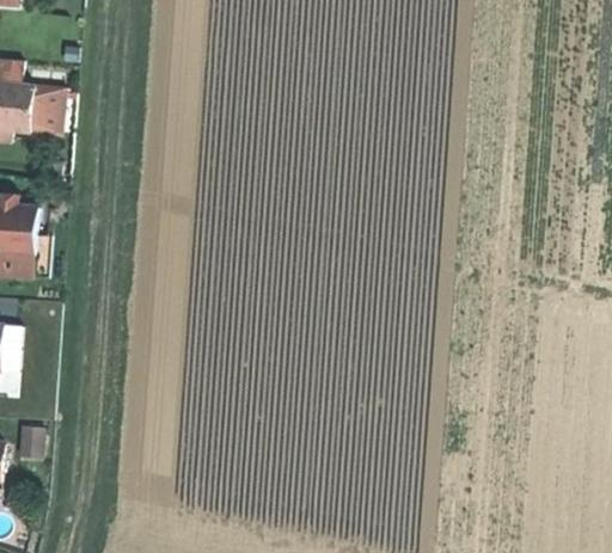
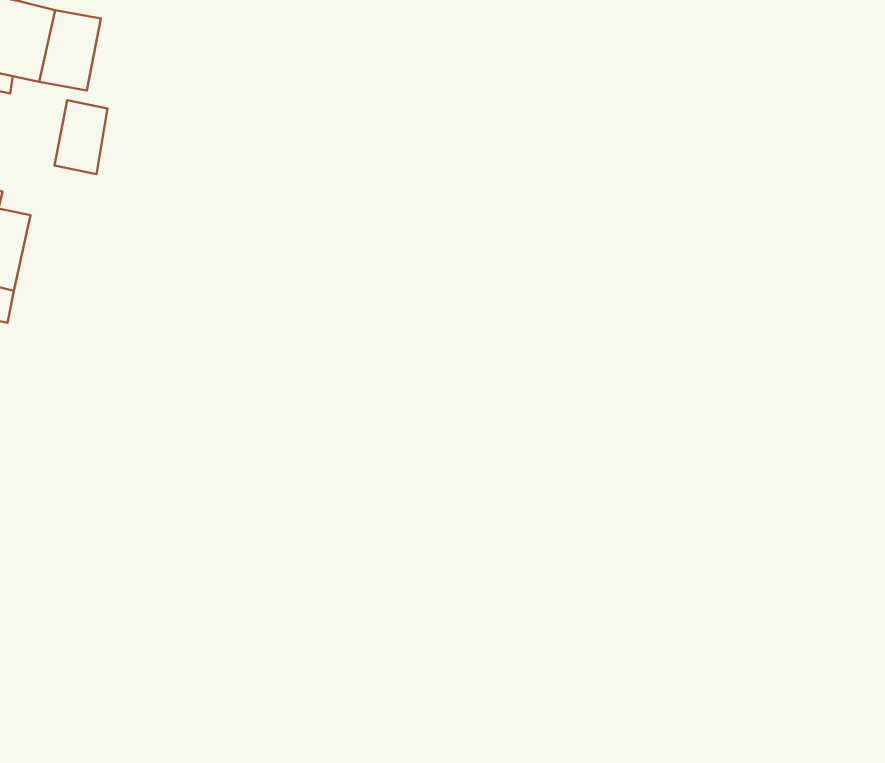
building: none -> [55,100,107,174]

